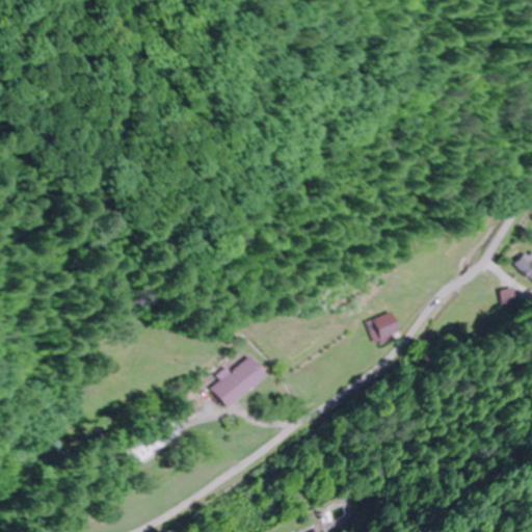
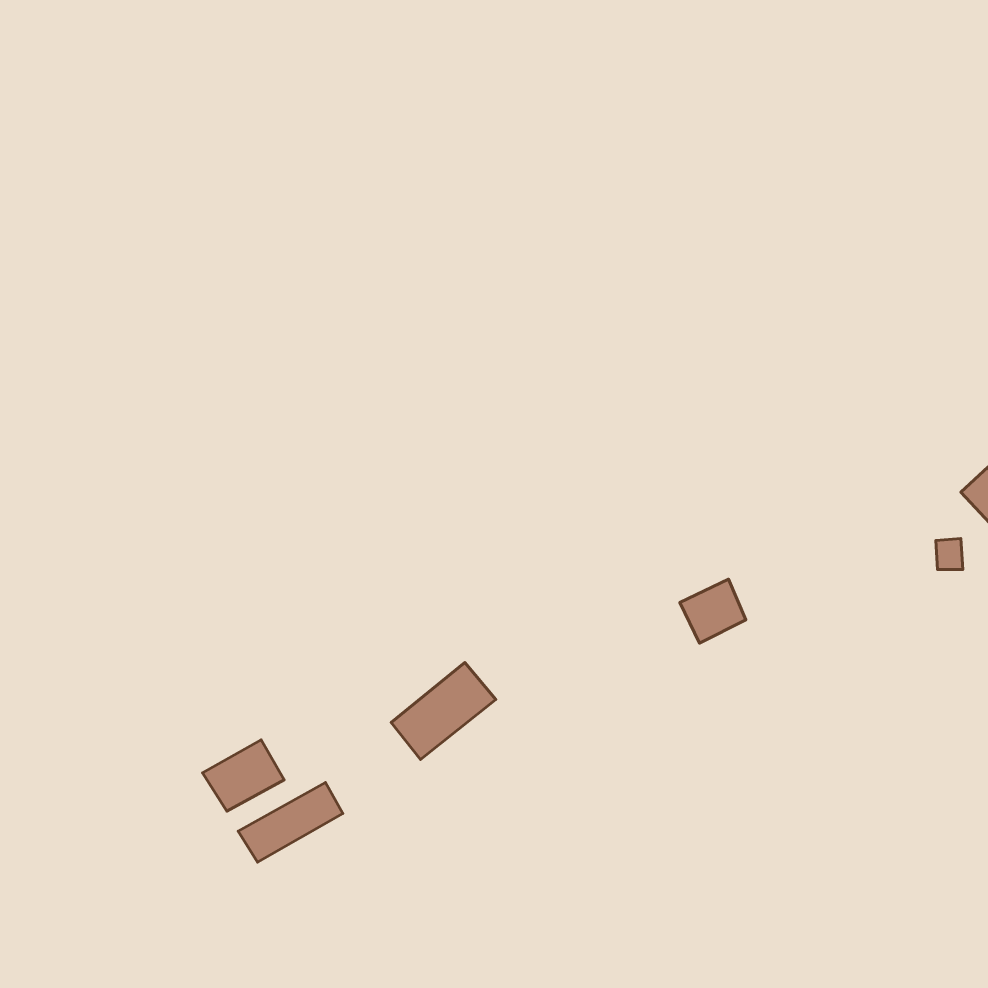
building: none -> [203,740,284,811]

